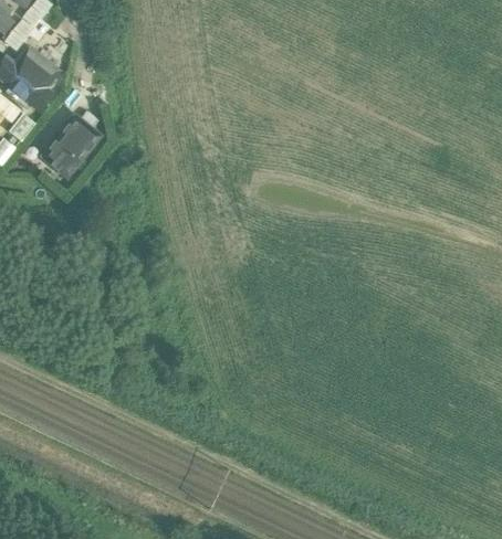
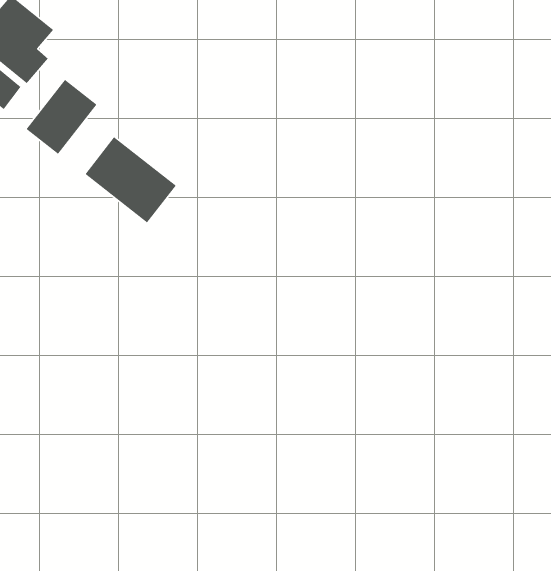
building: none -> [84,136,177,224]

